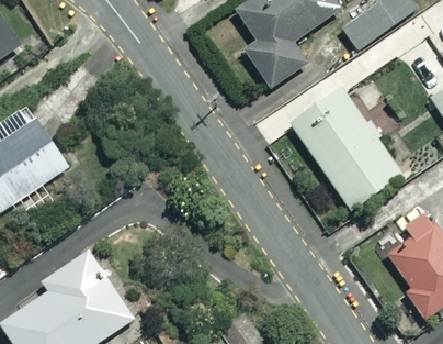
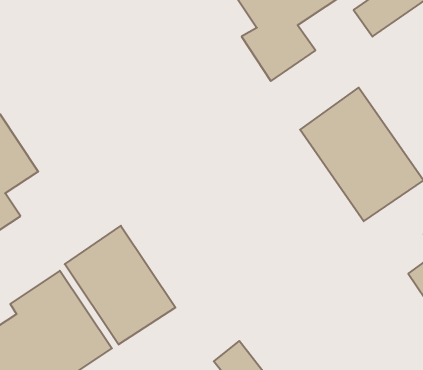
building: none -> [65,226,175,345]

